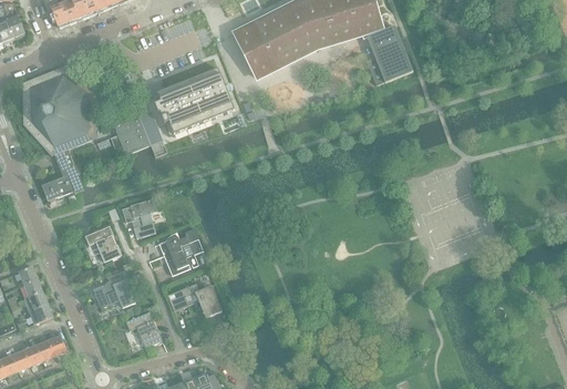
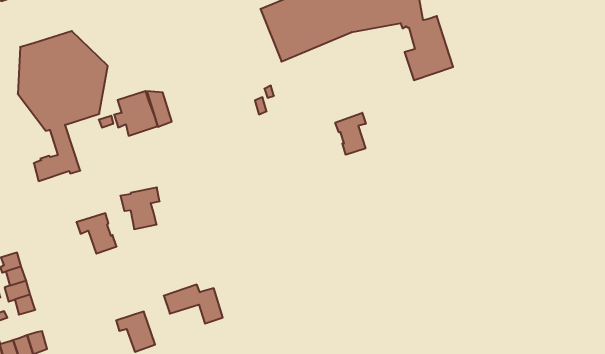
building: [154,68,234,135] -> none
building: none -> [335,113,366,155]
building: [157,227,203,275] -> none
building: [92,269,133,307] -> none

